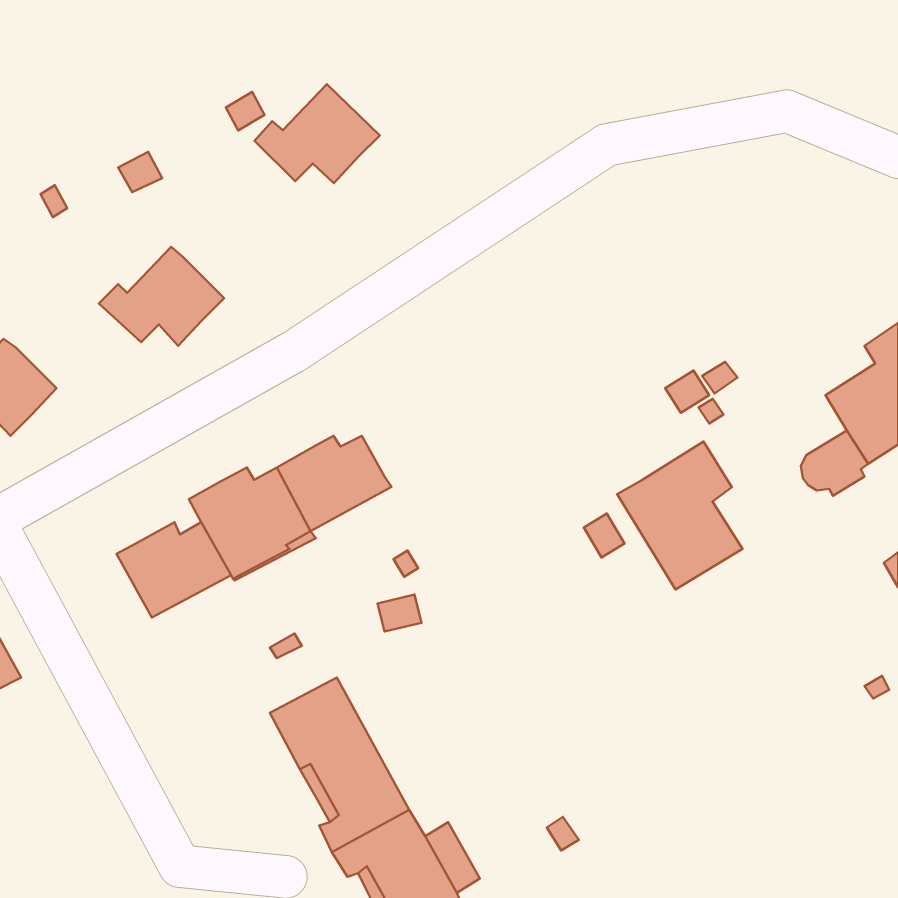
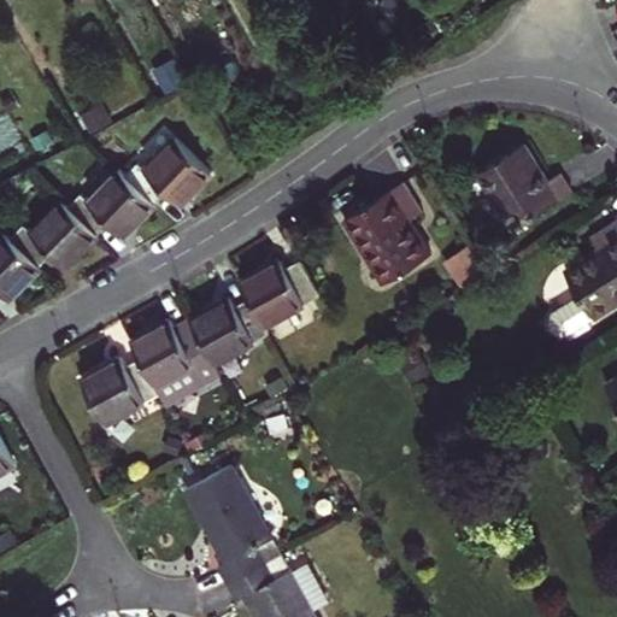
building: [254,84,380,183] -> [125,140,211,207]
building: none -> [477,146,570,230]
building: none -> [11,202,96,270]
building: none -> [239,262,318,328]
building: [617,441,742,590] -> [343,183,429,284]

